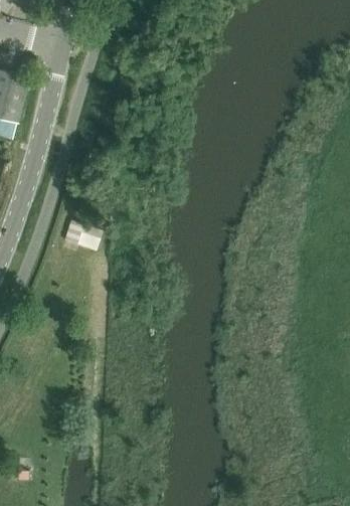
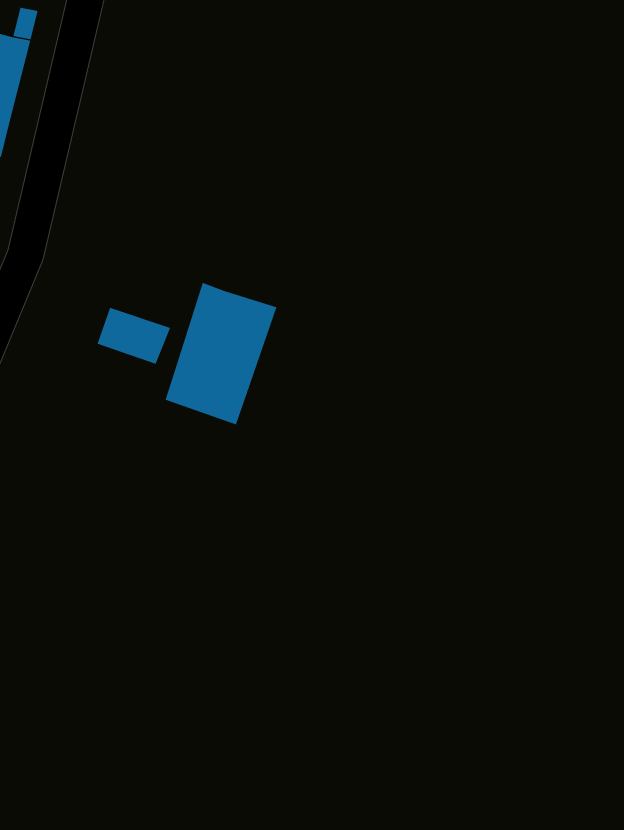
building: none -> [164,282,278,426]

